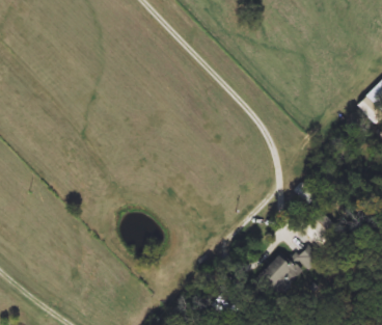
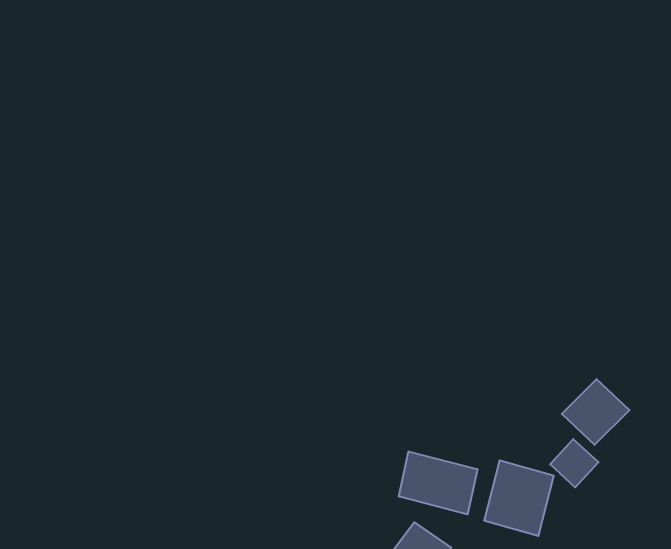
building: none -> [399,451,477,514]

